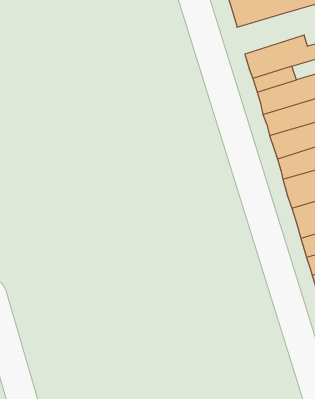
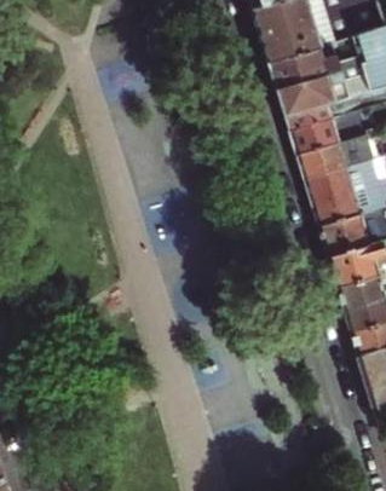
building: none -> [270,48,342,92]

